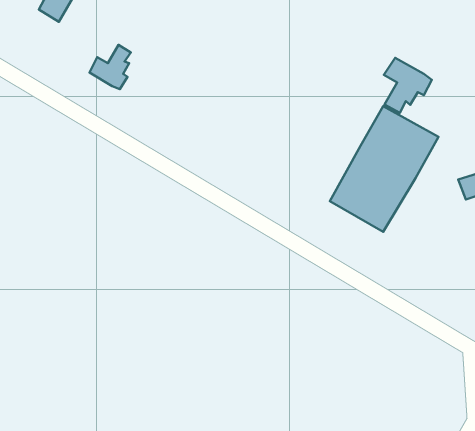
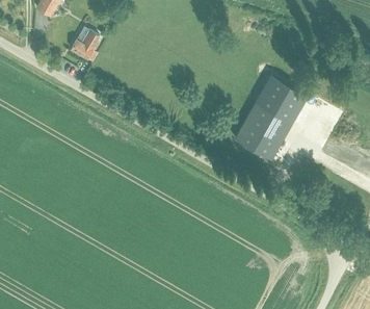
building: [384,58,432,113] -> none

